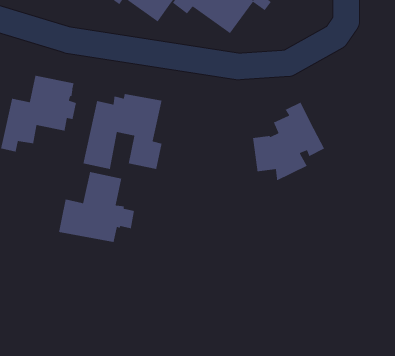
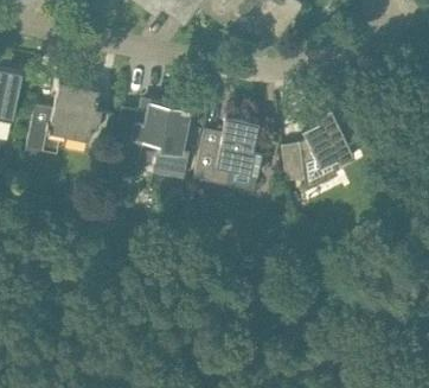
building: [58,171,135,243] -> [194,114,273,187]

